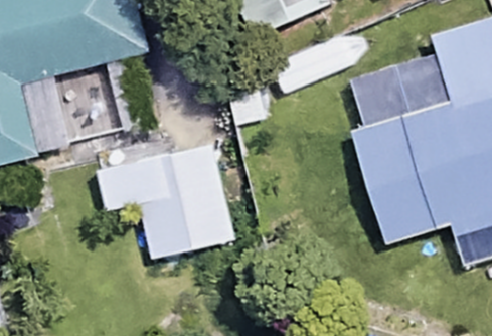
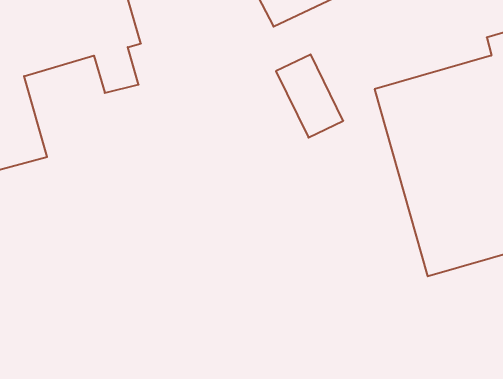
building: [92,139,227,256] -> none

